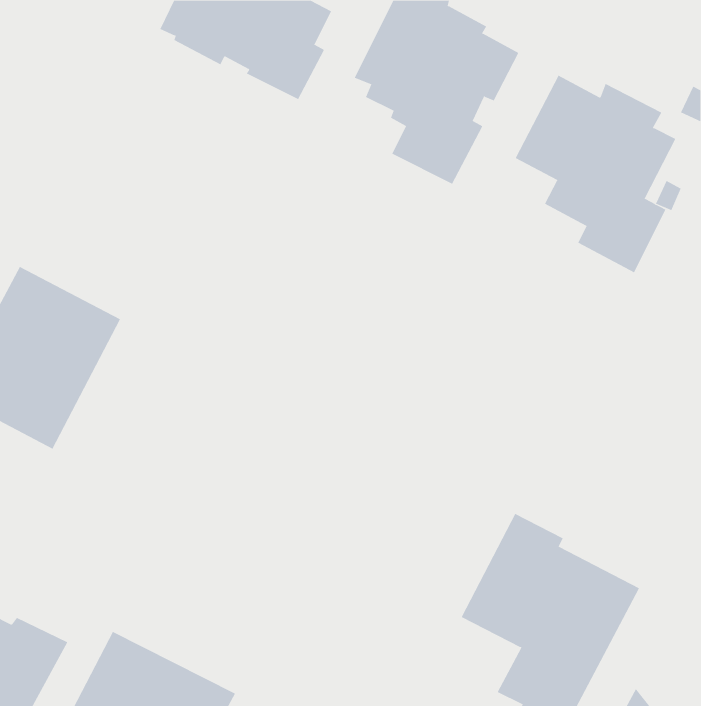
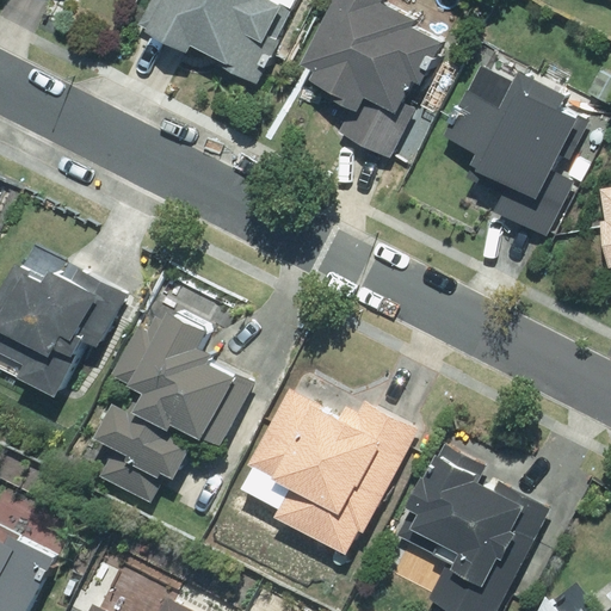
building: none -> [97,308,252,502]
building: none -> [248,389,418,551]

